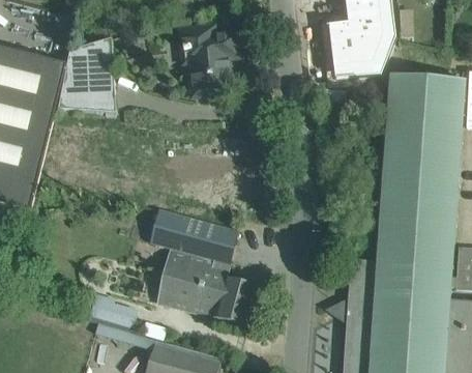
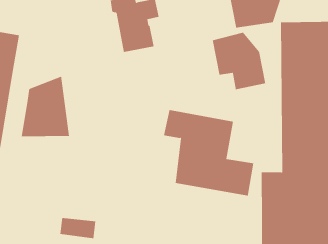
building: [55,36,116,112] -> [21,76,70,137]
building: none -> [212,32,266,90]
building: [149,208,259,324] -> [163,109,254,196]

